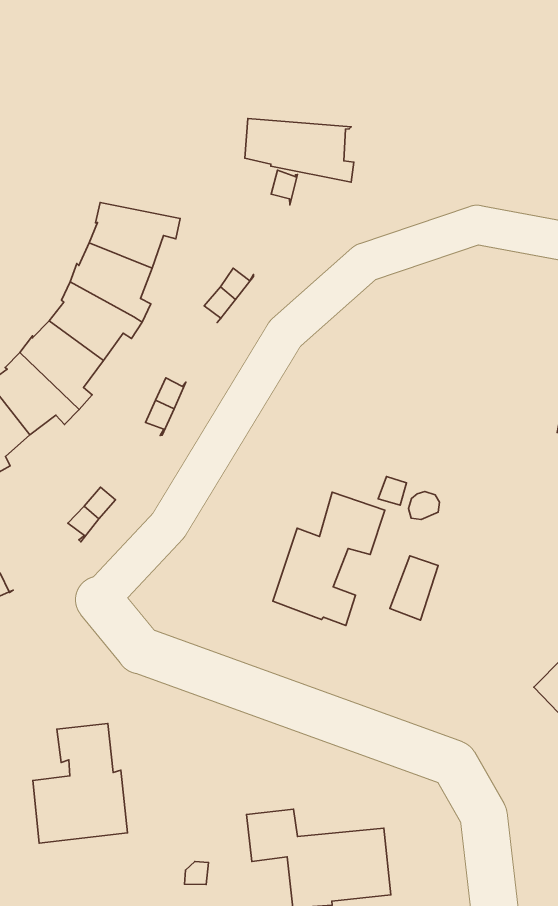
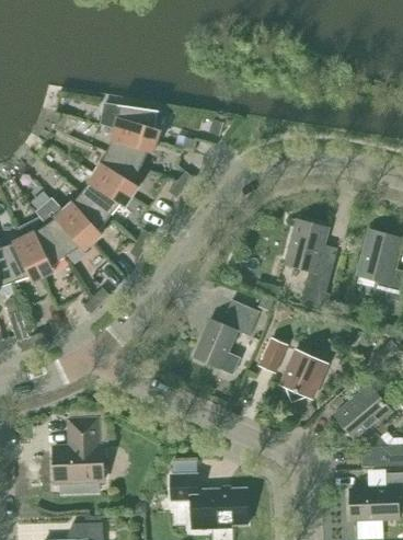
building: [245,118,354,182] -> [100,102,160,141]
building: none -> [286,219,333,309]
building: none -> [279,349,329,399]

